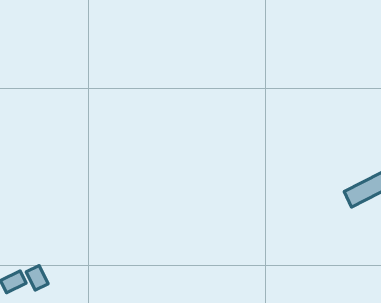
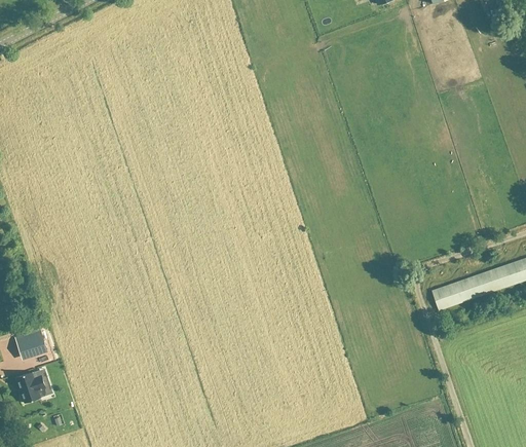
building: [26,266,48,290] -> none

